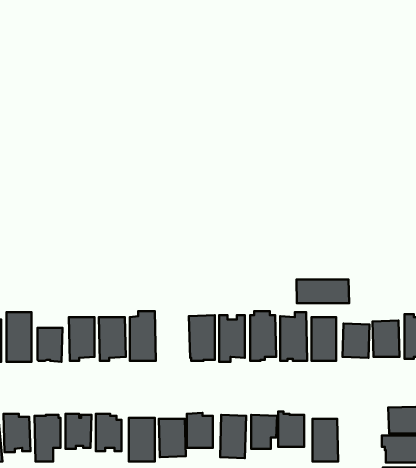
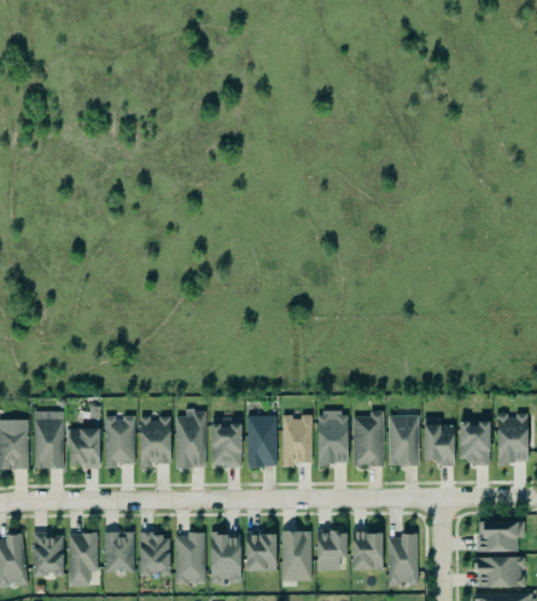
building: [296,279,349,303] -> none
building: none -> [212,425,244,467]

